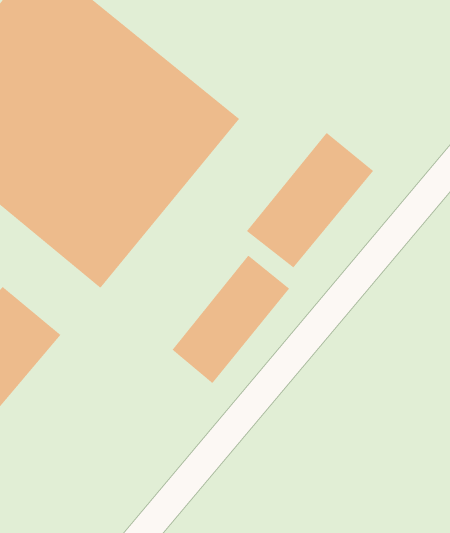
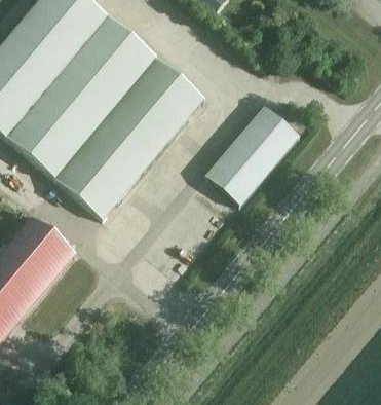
building: [171,254,290,384] -> none

